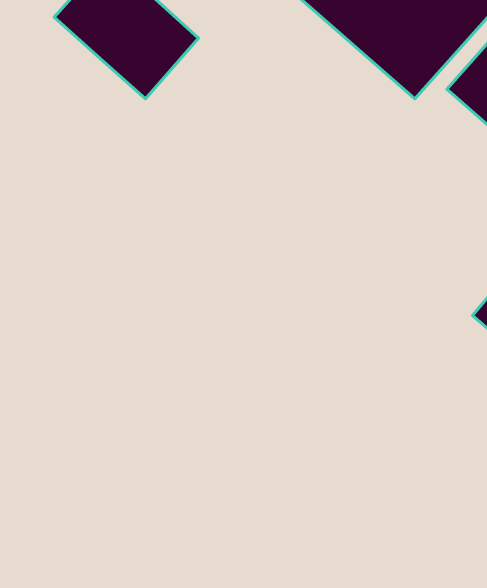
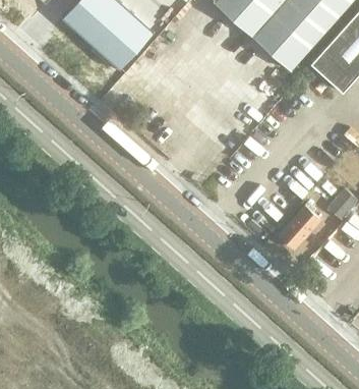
building: none -> [279,201,319,248]

